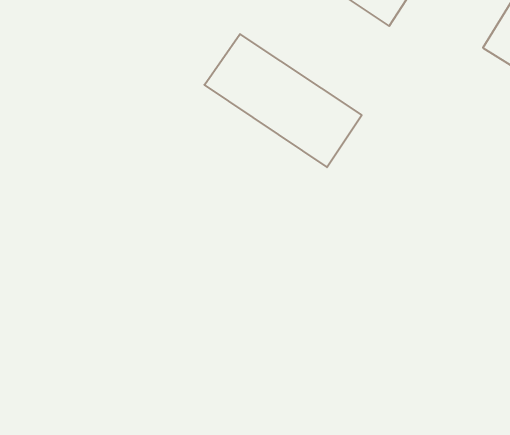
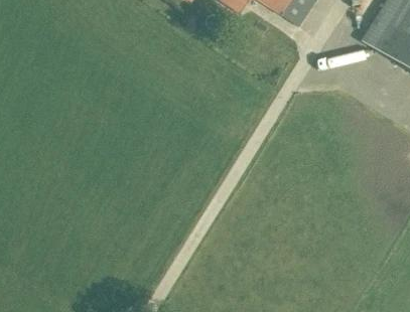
building: [204,34,362,167] -> none

